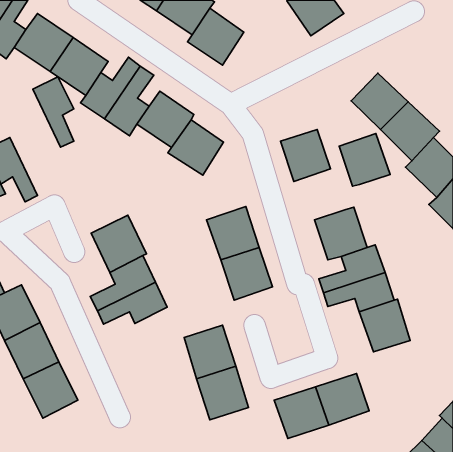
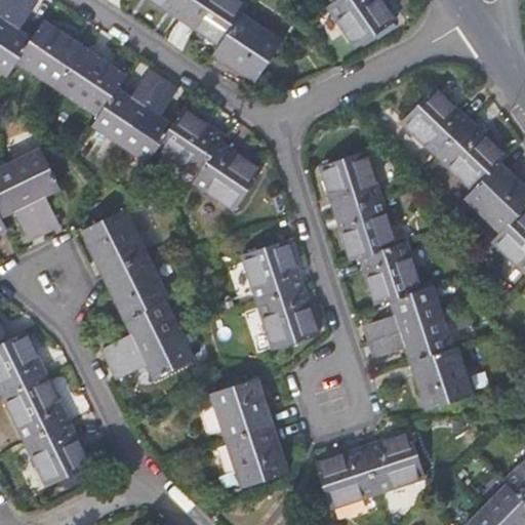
building: [33,77,74,147] -> [11,149,58,230]
building: [339,134,390,186] -> [337,199,396,259]
building: none -> [83,208,147,273]

